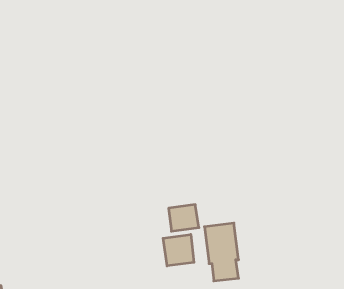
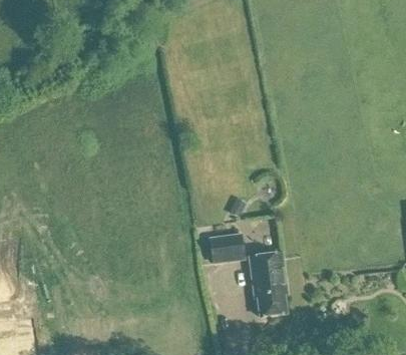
building: [163,234,194,266] -> none

